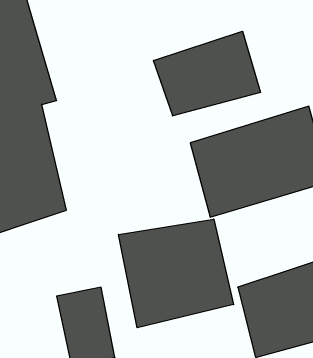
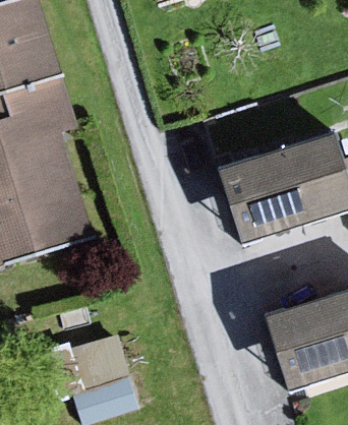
building: [154,31,261,116] -> none
building: [119,219,234,328] -> none

